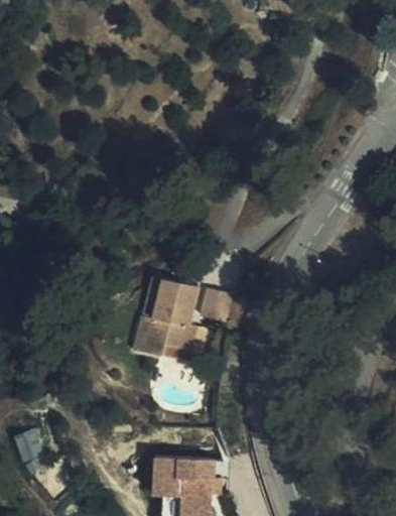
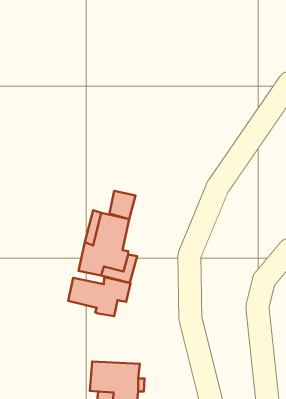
building: [203,286,235,321] -> [109,191,136,219]
building: none -> [68,277,131,316]

